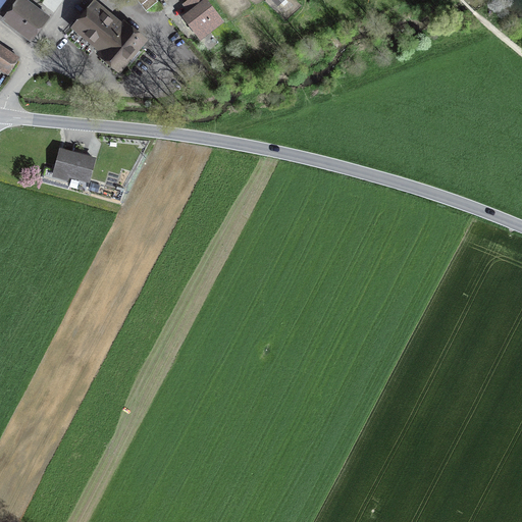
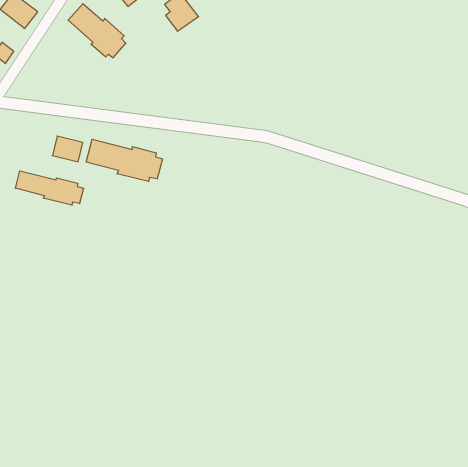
building: none -> [86,139,163,182]
building: none -> [15,171,84,205]

